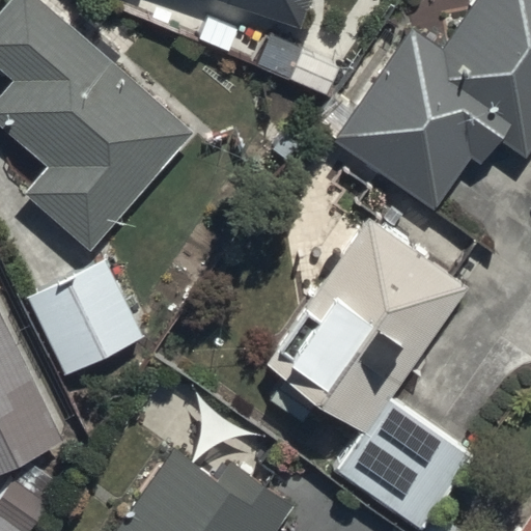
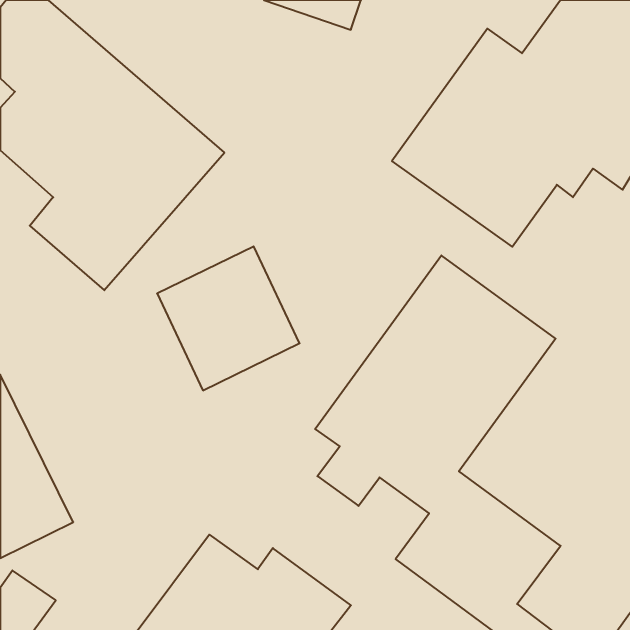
building: [26,259,145,380] -> [157,246,300,390]

